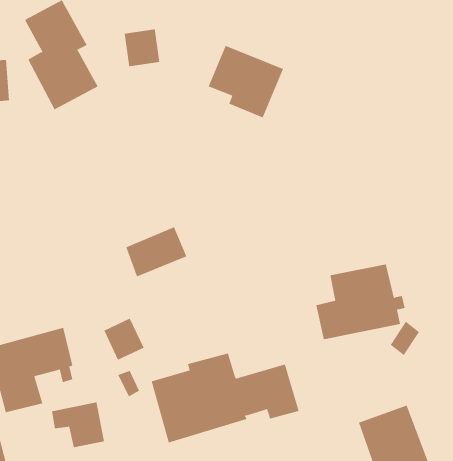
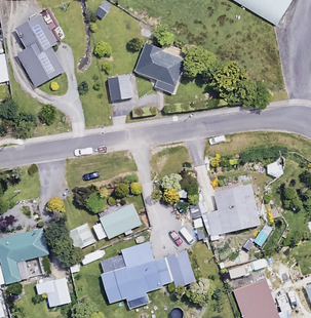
building: [124,29,160,67] -> [108,76,131,101]
building: [125,227,187,277] -> [101,205,141,238]

